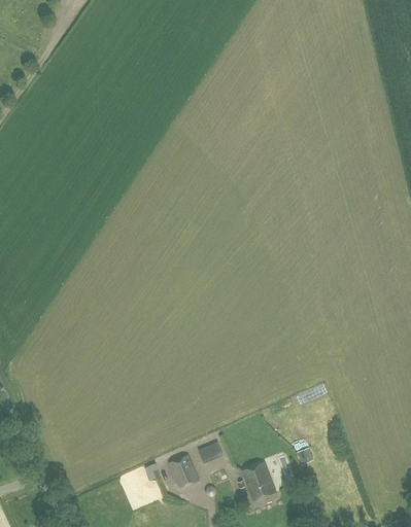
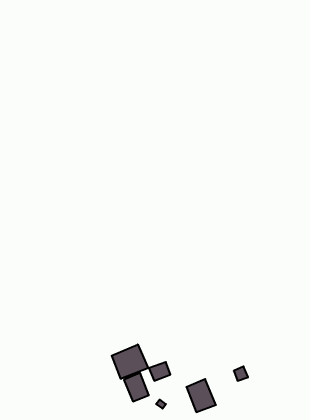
building: none -> [112,344,148,379]

